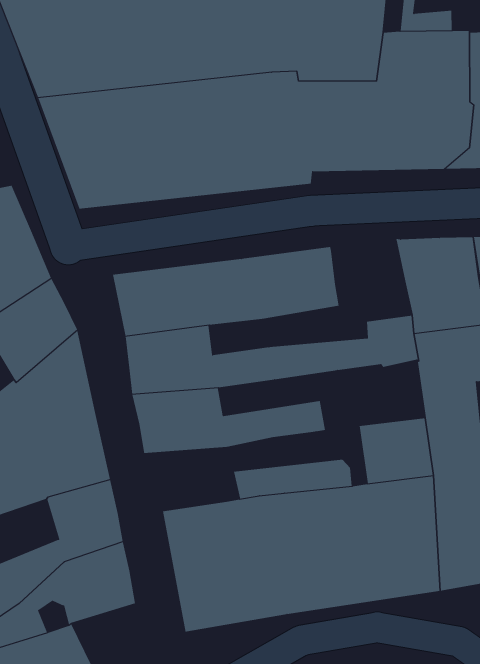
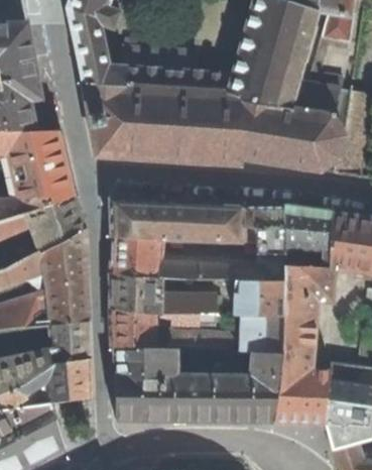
building: none -> [244,207,286,254]
building: none -> [235,281,284,317]
building: none -> [112,309,217,346]

